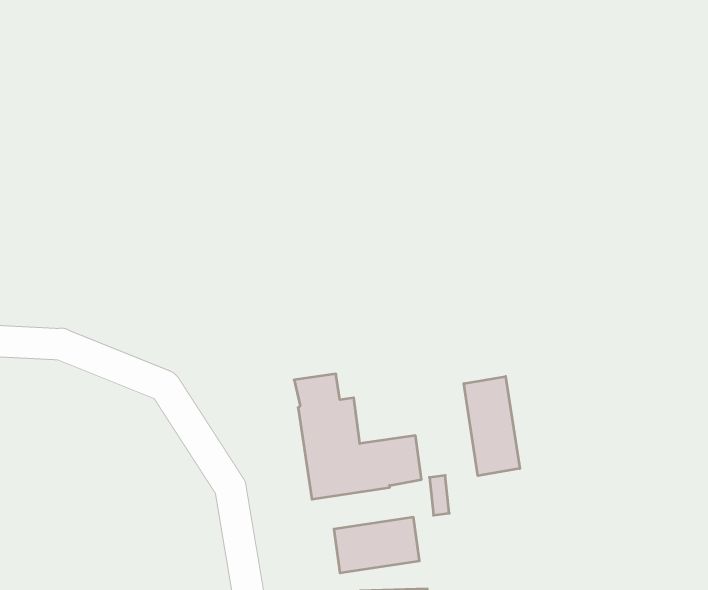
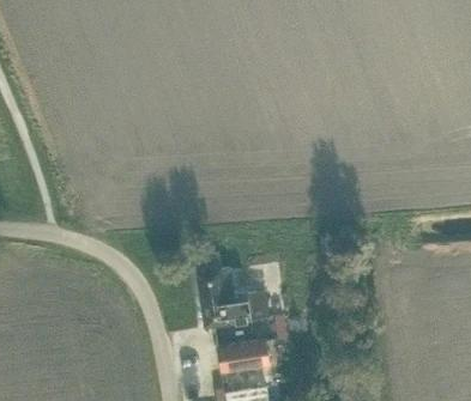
building: [464,376,520,476] -> none

